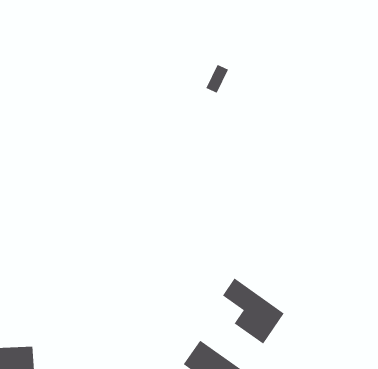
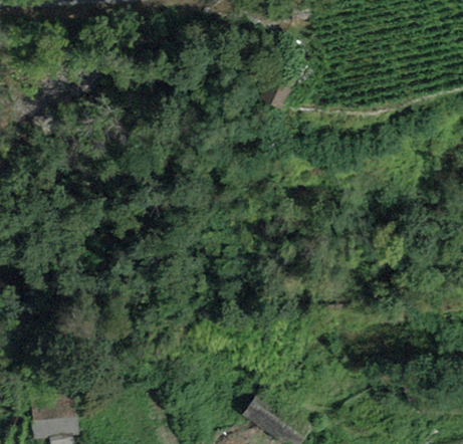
building: [222,277,284,344] -> none

